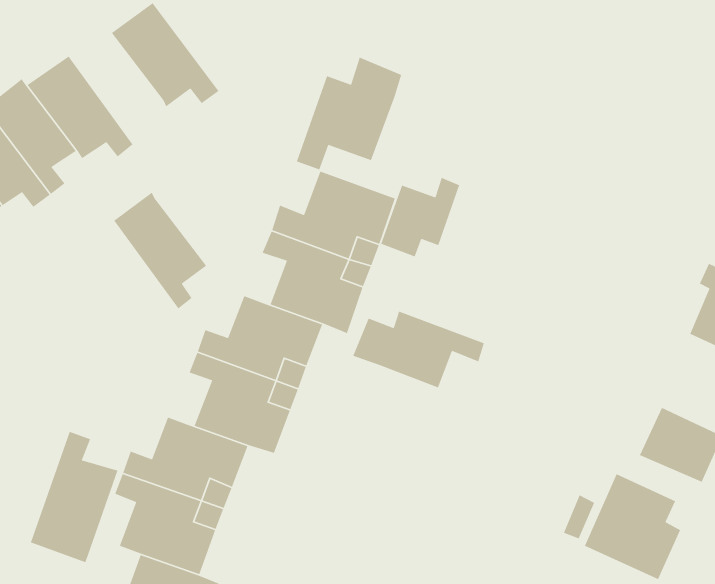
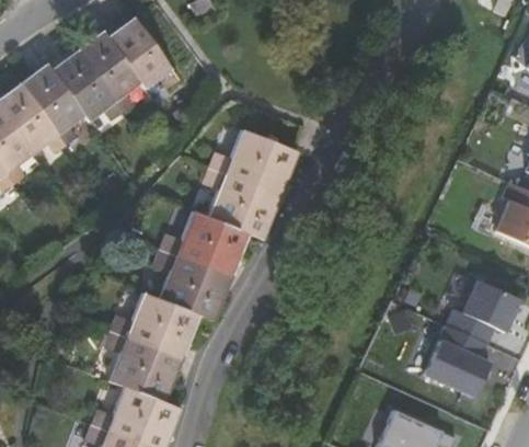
building: [296,57,402,171] -> none
building: [380,177,460,257] -> none
building: [113,191,207,310] -> [76,28,139,108]
building: [352,311,485,388] -> none
building: [30,431,118,563] -> none

